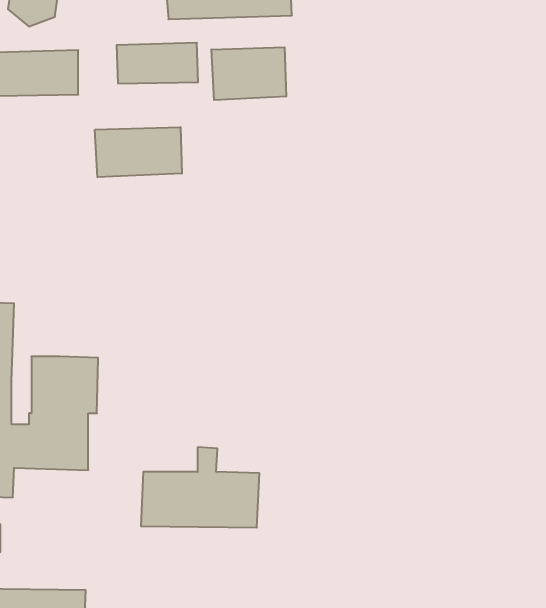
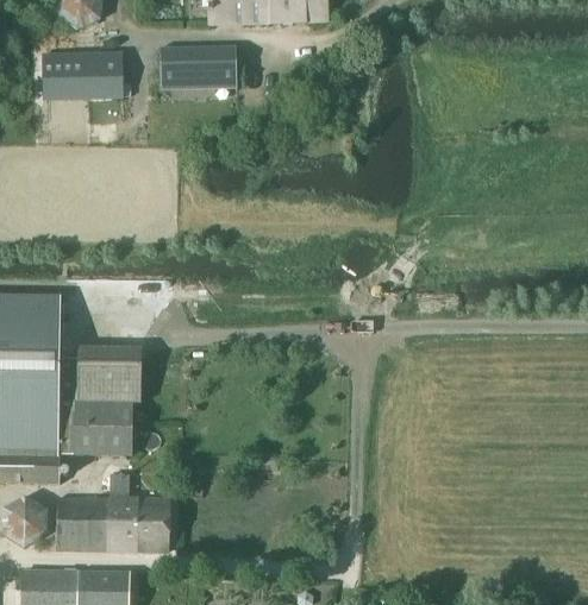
building: [211,47,286,100] -> none
building: [95,127,182,177] -> none
building: [141,447,259,528] -> [55,473,169,550]

